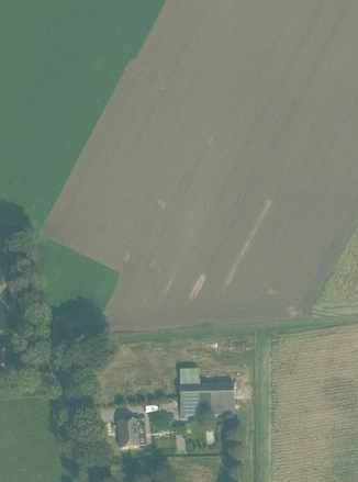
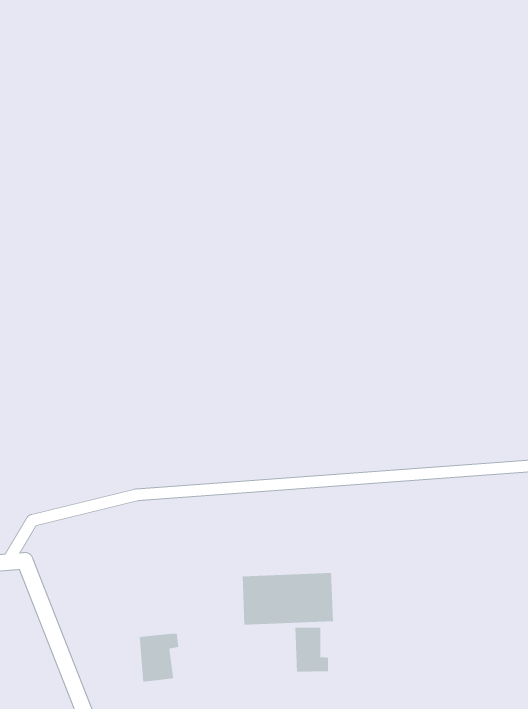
building: none -> [294,627,329,672]

